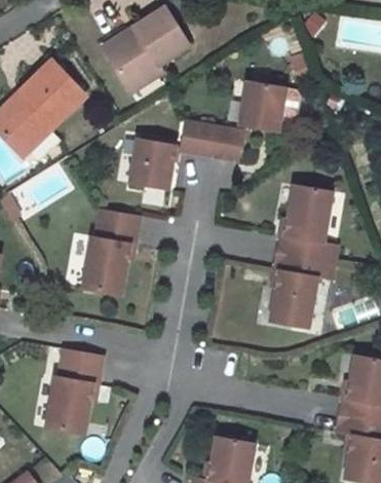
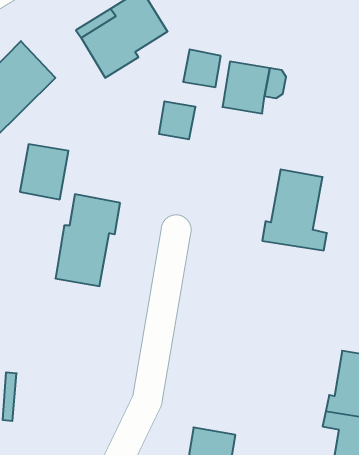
building: [207,124,243,160] -> [183,49,221,87]
building: [128,138,175,190] -> [20,144,68,199]
building: [270,252,336,328] -> none
building: [45,347,102,432] -> none

